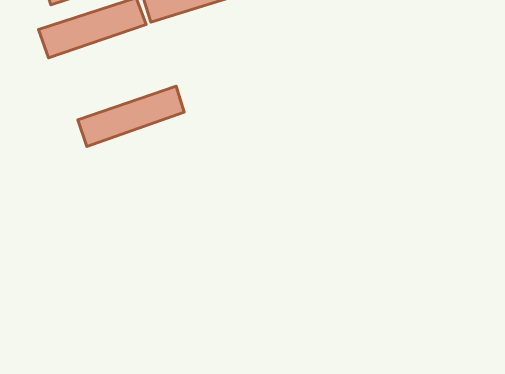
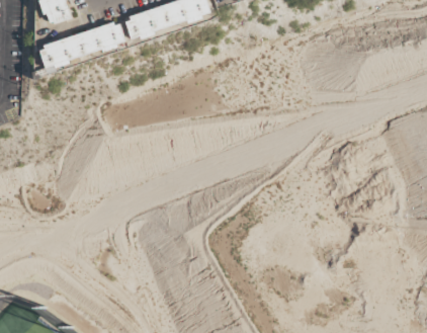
building: [78,86,184,147] -> none

